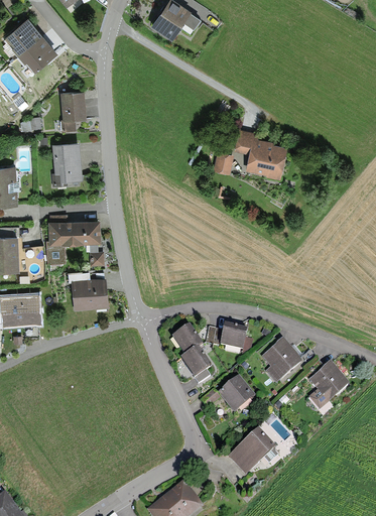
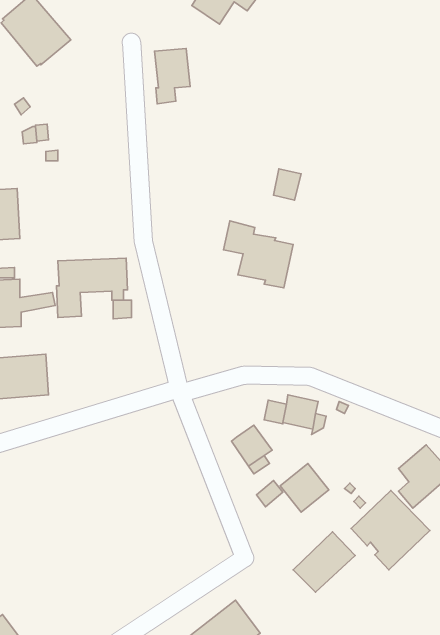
building: [59,90,87,132] -> [155,48,190,104]
building: [234,129,287,180] -> [223,221,293,288]
building: [51,142,83,186] -> none
building: [68,271,109,310] -> none
building: [171,326,202,357] -> none
building: [261,340,301,384] -> none
building: none -> [351,490,430,570]

